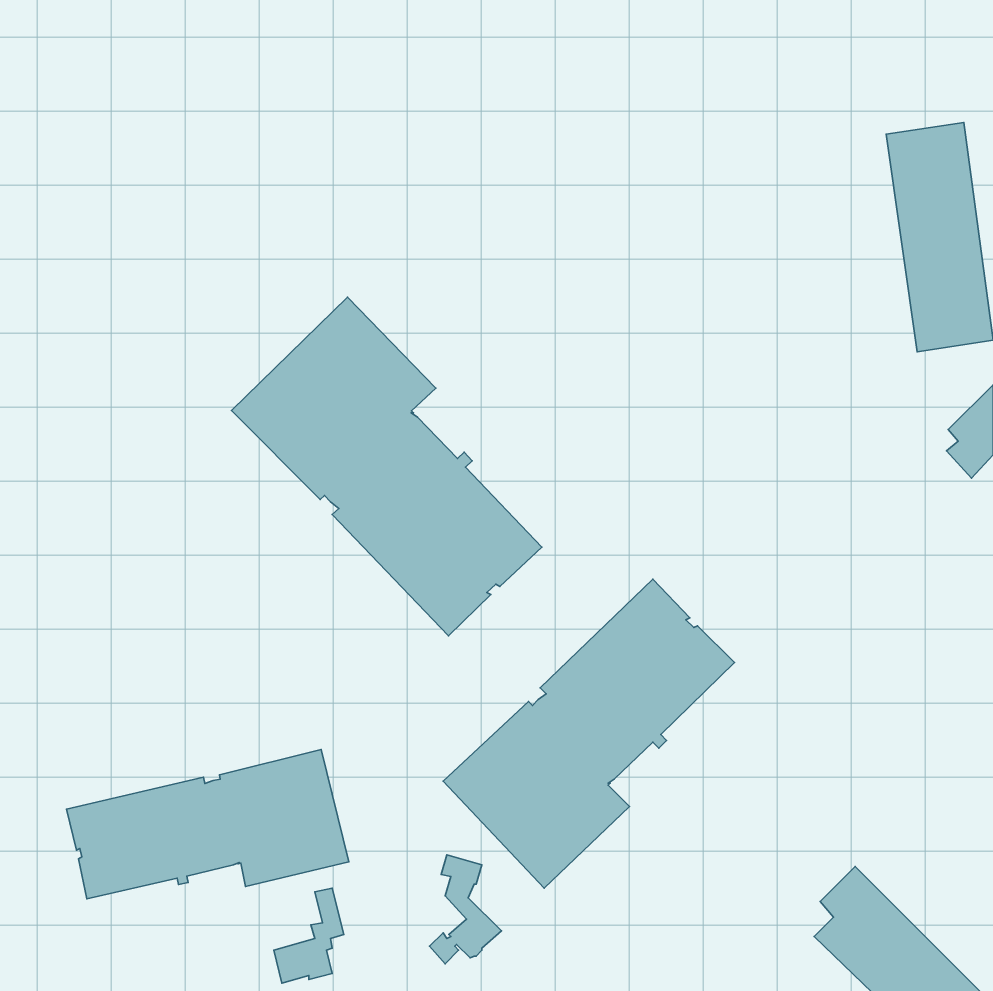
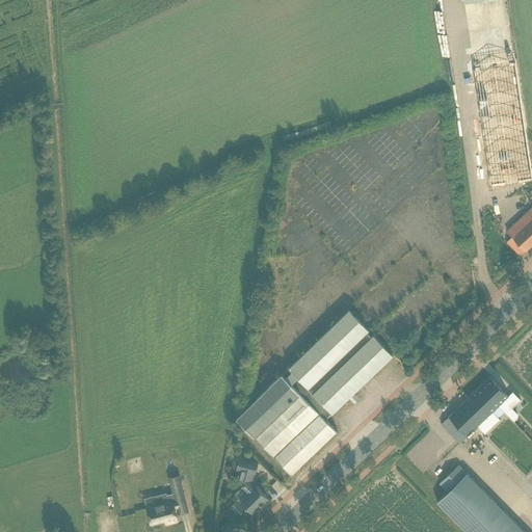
building: [232,297,542,636] -> none
building: none -> [441,377,521,444]
building: [67,749,349,899] -> none

